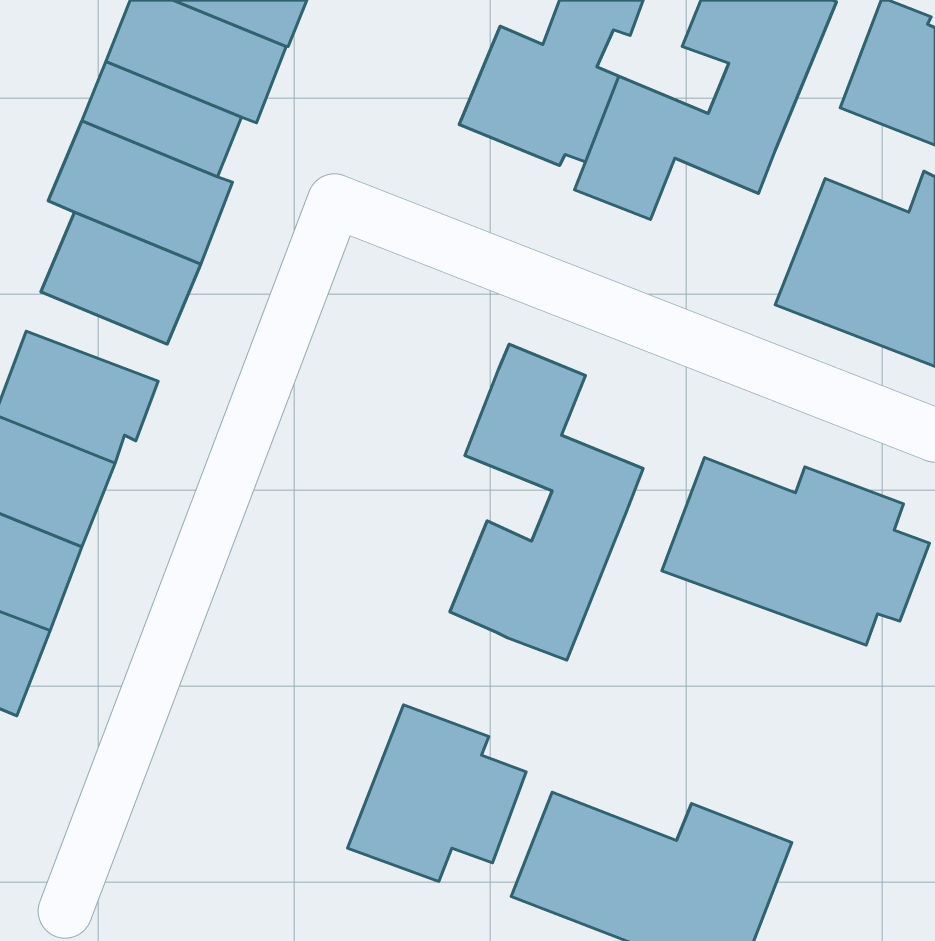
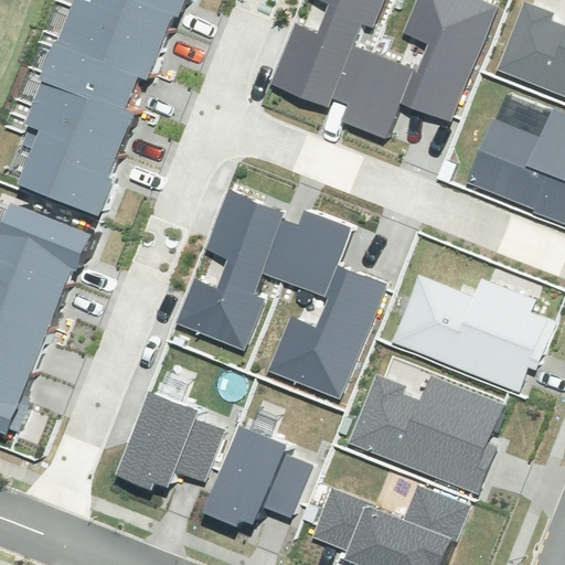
building: none -> [174,190,296,349]
building: none -> [342,371,501,495]
building: none -> [118,391,220,493]

